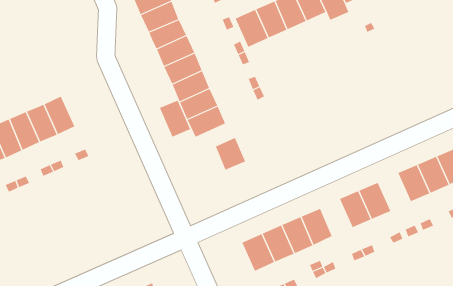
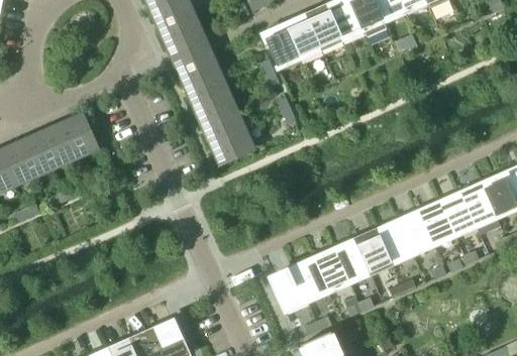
building: [159,100,191,137] -> none
building: [215,137,246,170] -> none
building: none -> [420,201,455,242]
building: none -> [357,229,392,269]

